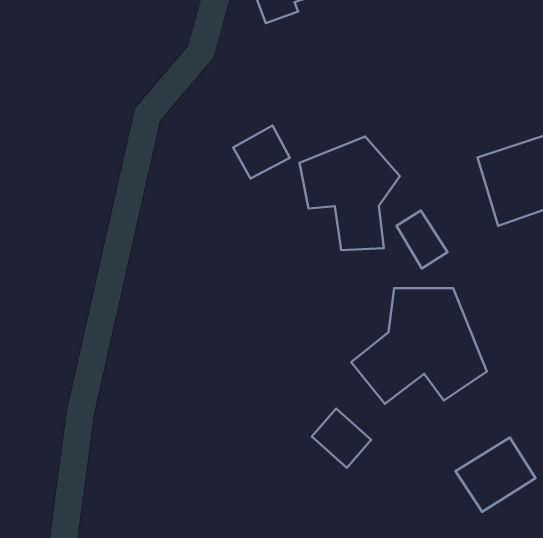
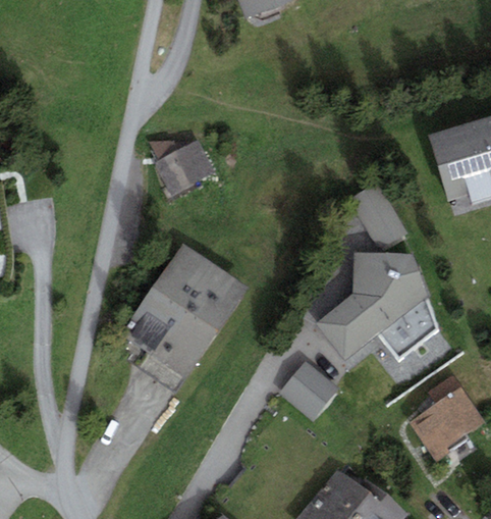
building: [233,125,290,179] -> [158,142,208,189]
building: [299,136,400,250] -> none
building: none -> [120,248,240,378]

